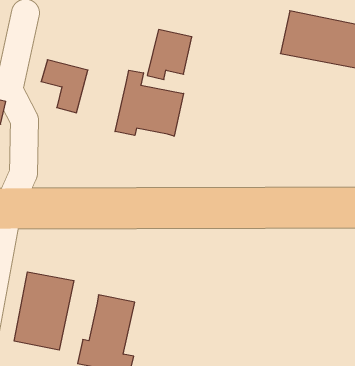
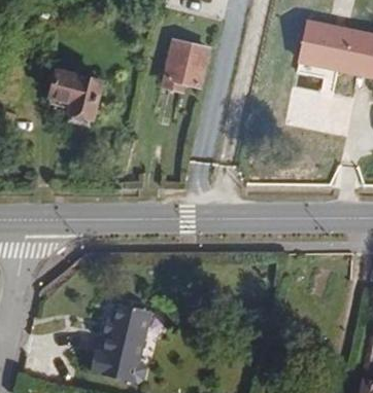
building: [115,70,184,136] -> none
building: [14,272,74,350] -> none

